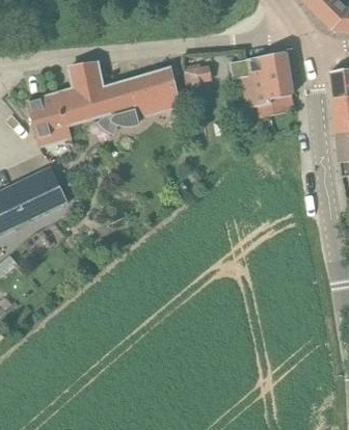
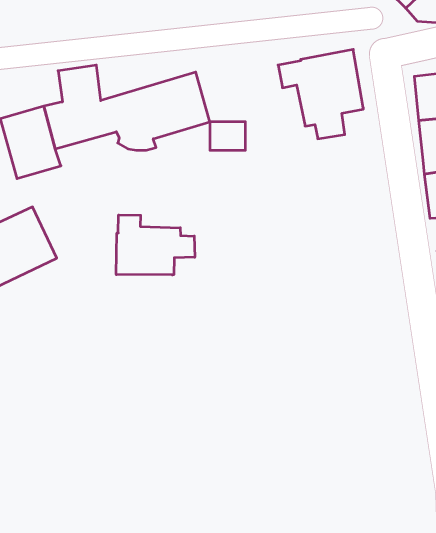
building: [187,60,213,81] -> [210,122,245,150]
building: none -> [116,215,195,275]

